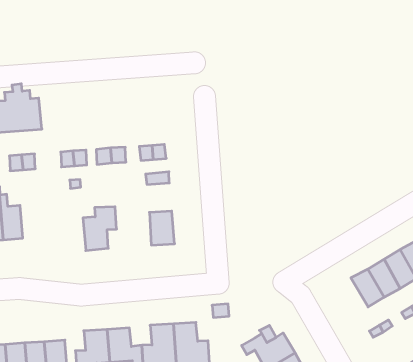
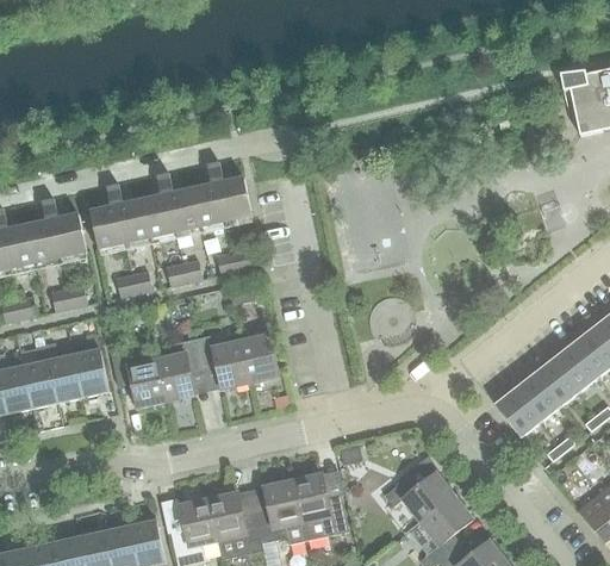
building: none -> [89,161,251,249]
building: none -> [73,334,108,396]
building: none -> [195,335,249,388]
building: none -> [111,354,166,406]
building: none -> [493,387,540,437]

